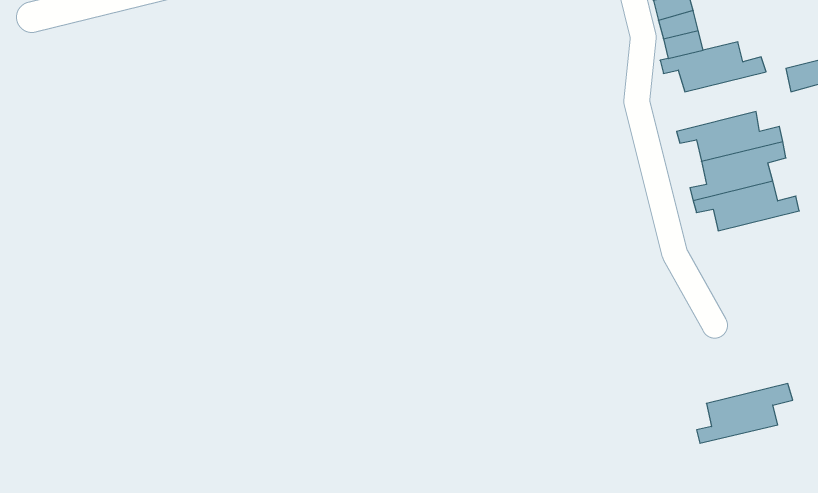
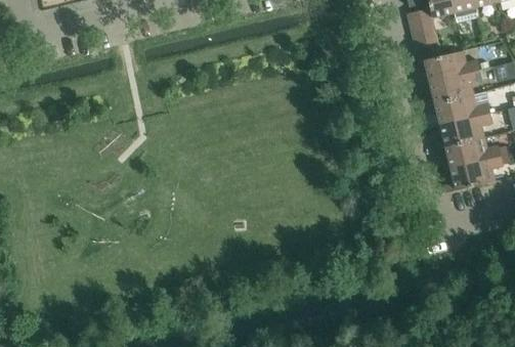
building: none -> [423,68,482,104]
building: [697,384,793,443] -> [444,154,504,190]

